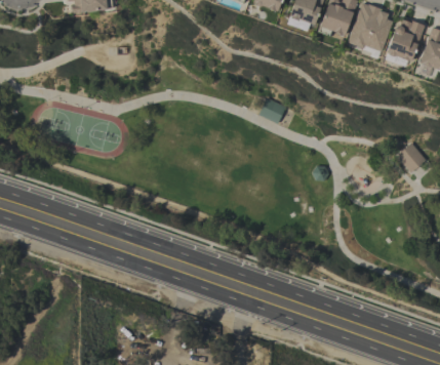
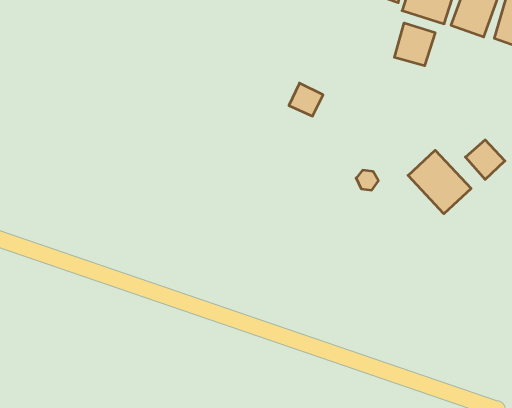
building: none -> [394,23,435,66]
building: none -> [408,150,471,214]

